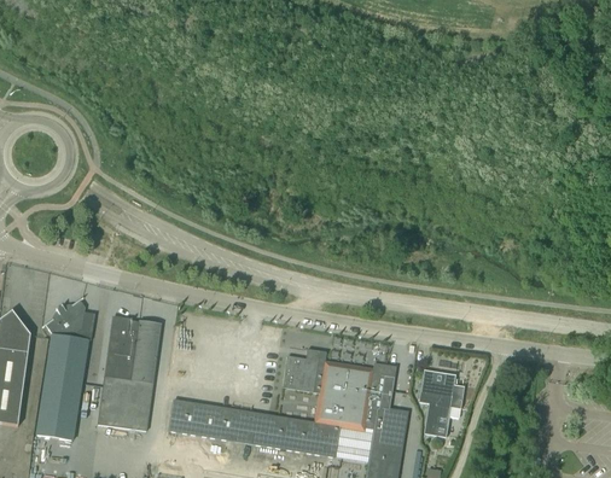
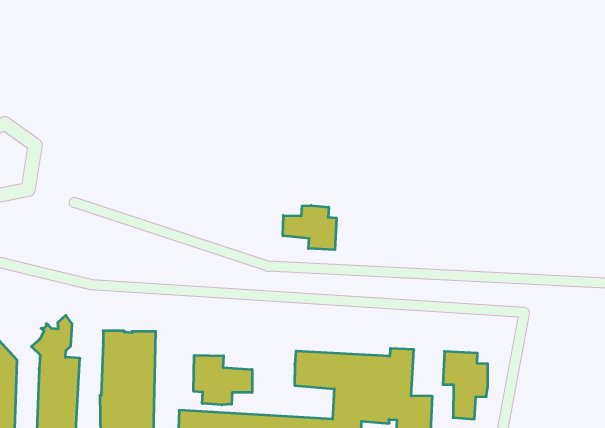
building: none -> [283,205,336,250]
building: none -> [194,355,252,405]

